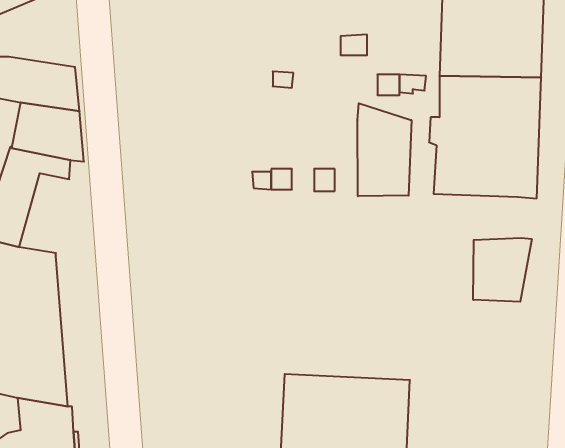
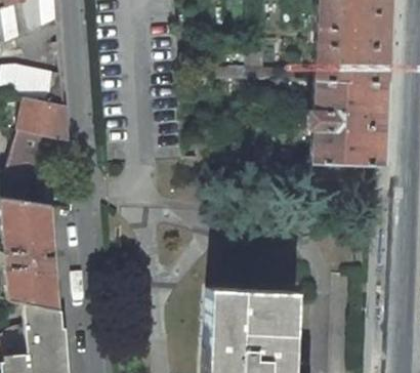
building: [358,103,411,196] -> none
building: [473,238,532,302] -> none

